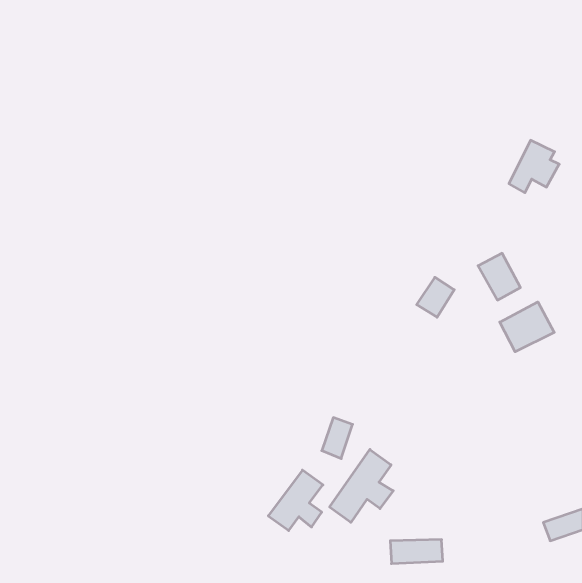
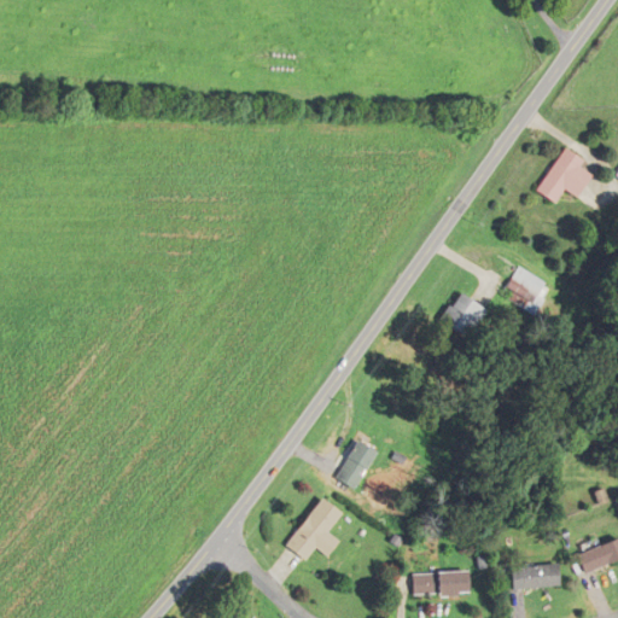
building: [500,302,554,352] -> none
building: [330,449,393,522] -> none
building: none -> [512,562,559,591]

